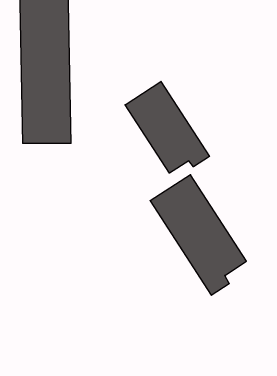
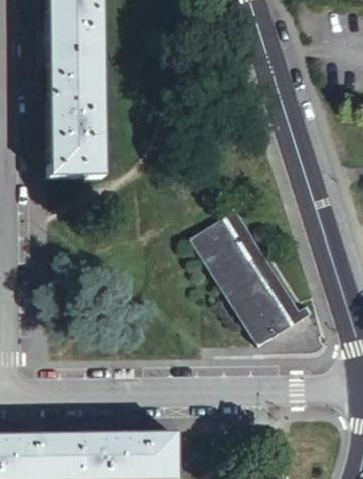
building: [125,81,209,173] -> none

